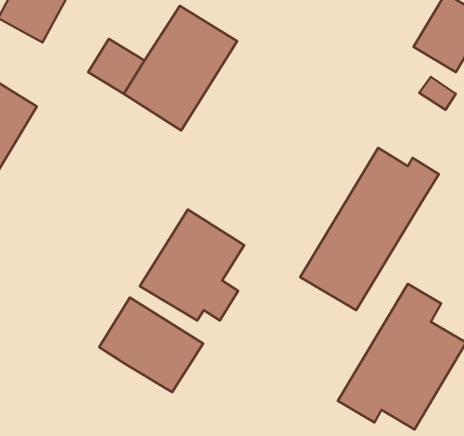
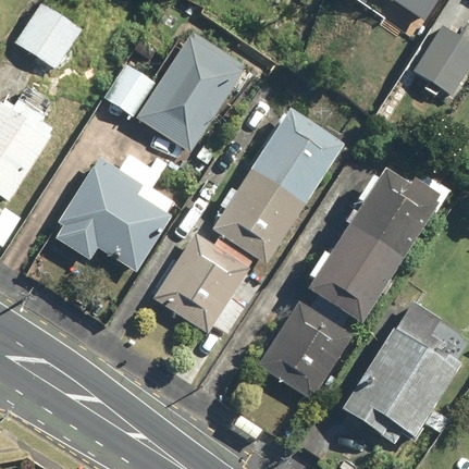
building: none -> [217,111,343,261]
building: none -> [55,153,176,270]
building: none -> [258,301,354,399]
building: [99,297,203,392] -> none

